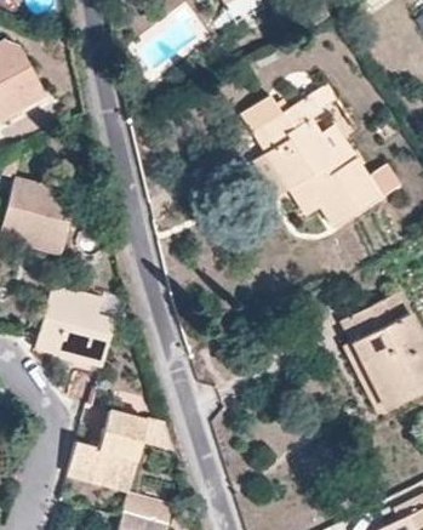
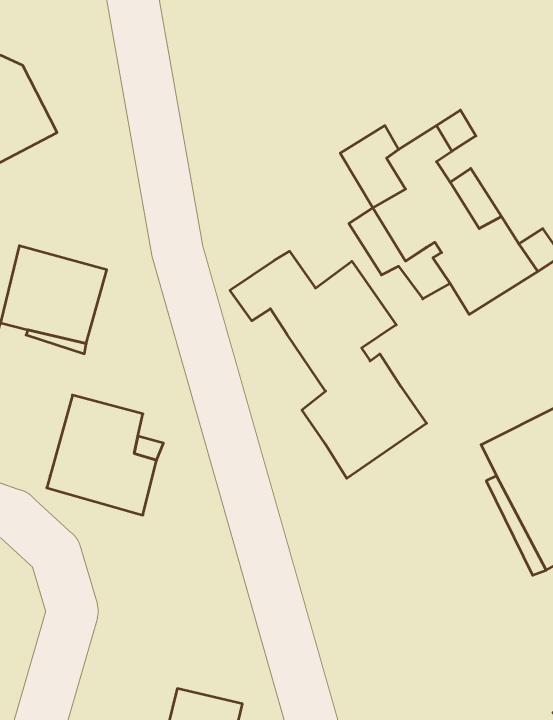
building: none -> [230,251,427,478]
building: [67,411,173,491] -> none

